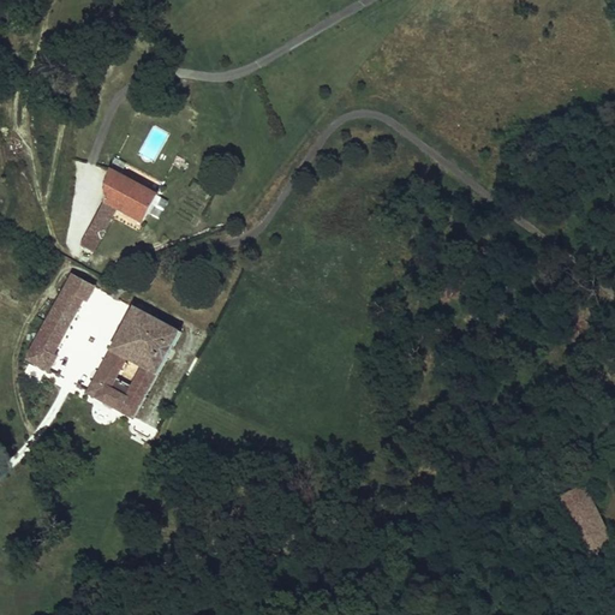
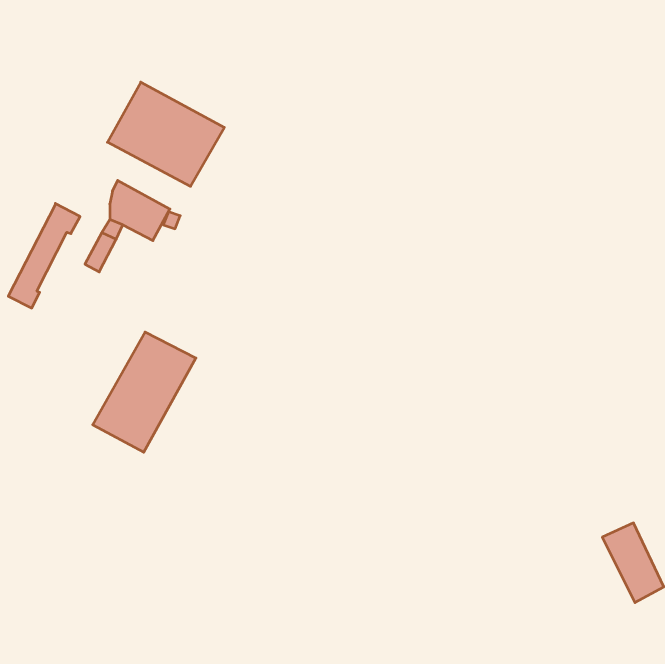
building: none -> [107,82,224,186]
building: [26,273,92,369] -> [8,203,80,308]

